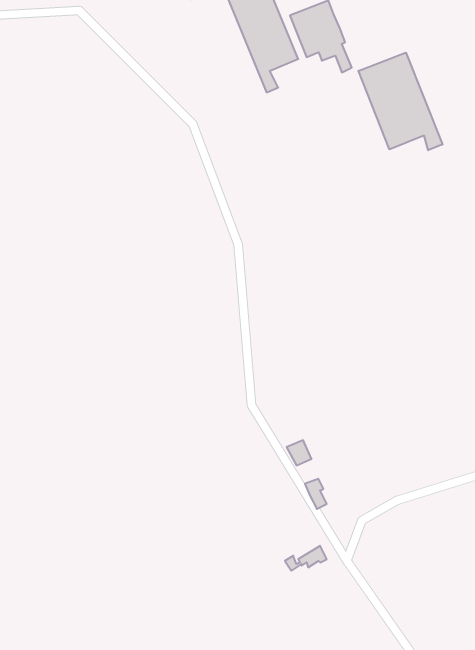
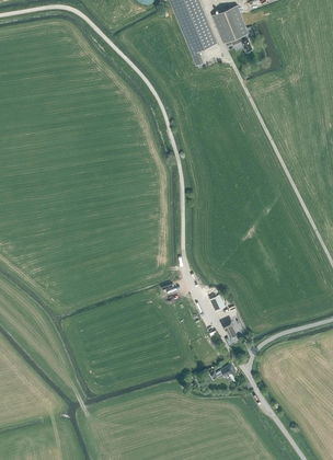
building: [358,53,443,150] -> none

